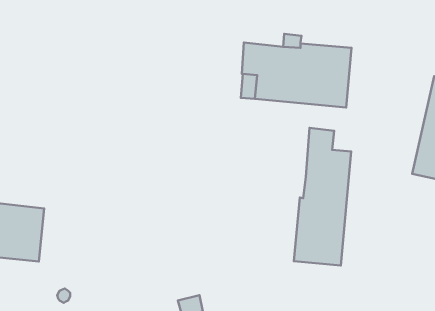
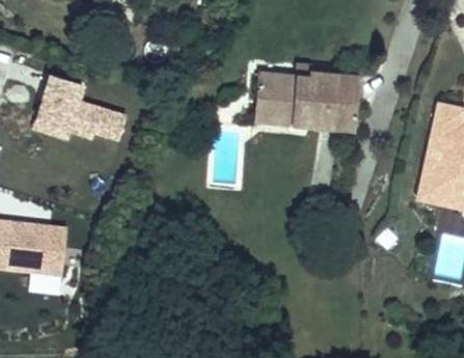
building: none -> [31,77,128,144]
building: [294,128,351,265] -> none

